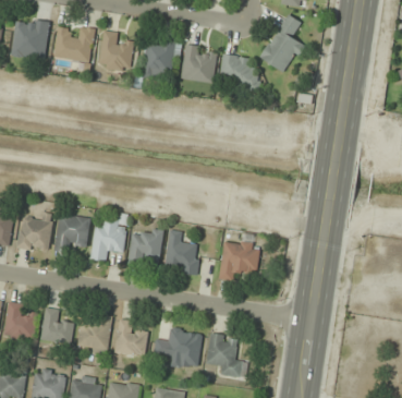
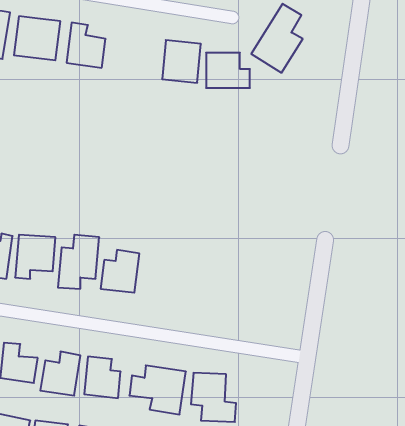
building: [142,38,174,81] -> none
building: [165,230,200,274] -> none
building: [218,240,260,282] -> none

